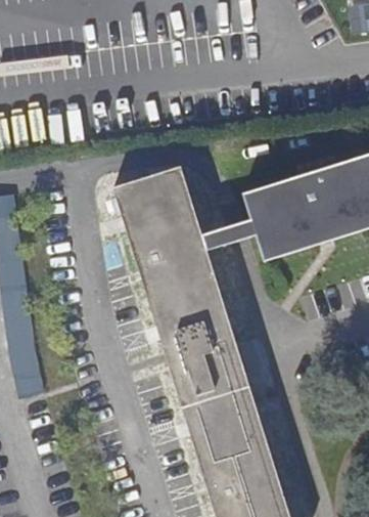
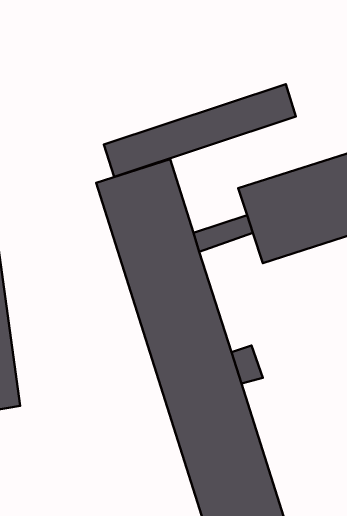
building: none -> [104,84,296,177]

